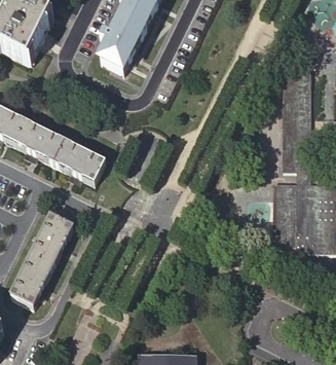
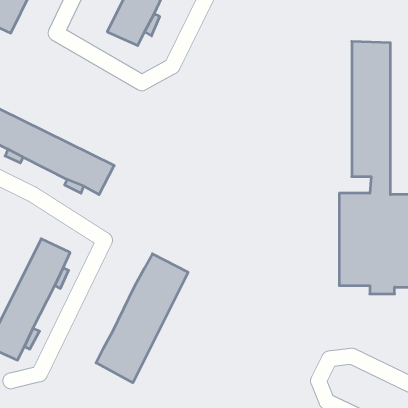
building: none -> [96,254,188,383]

